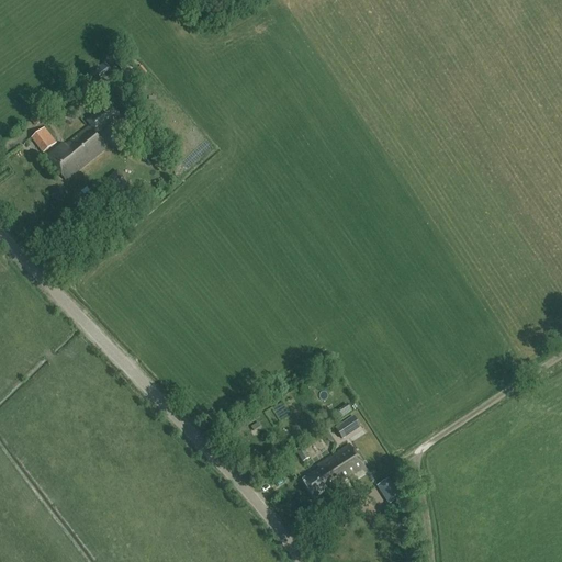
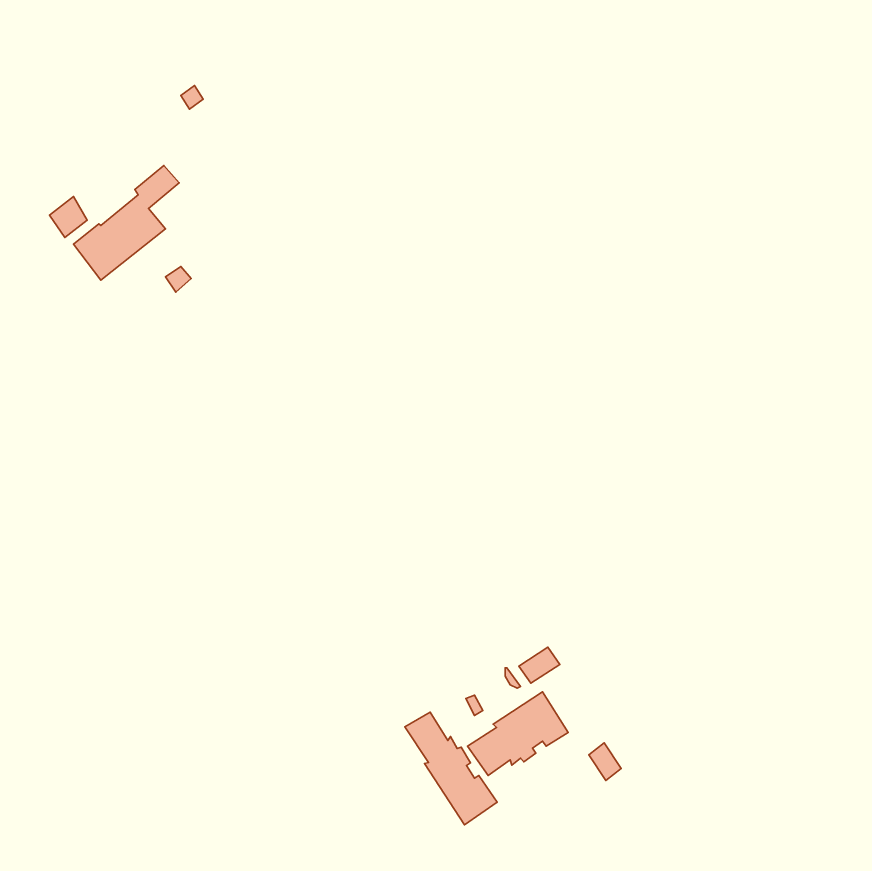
building: none -> [405,712,497,825]

